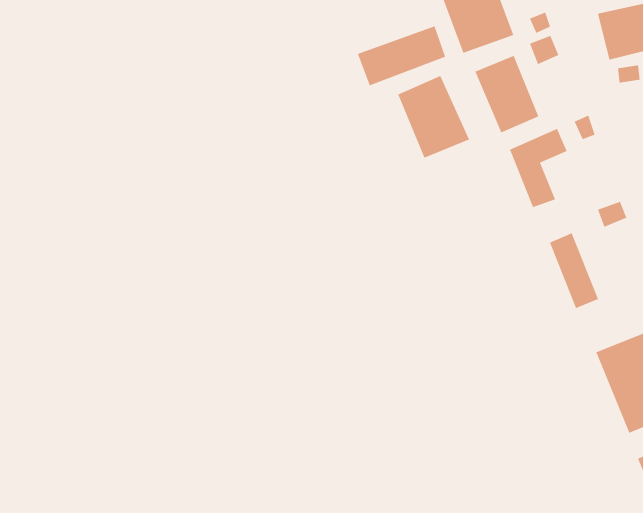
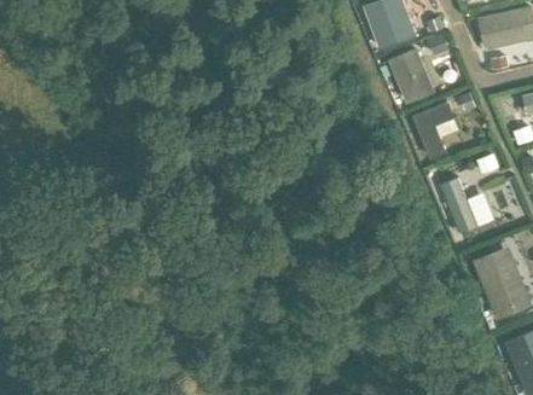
building: [357,25,446,86] -> none
building: [397,75,470,159] -> none

